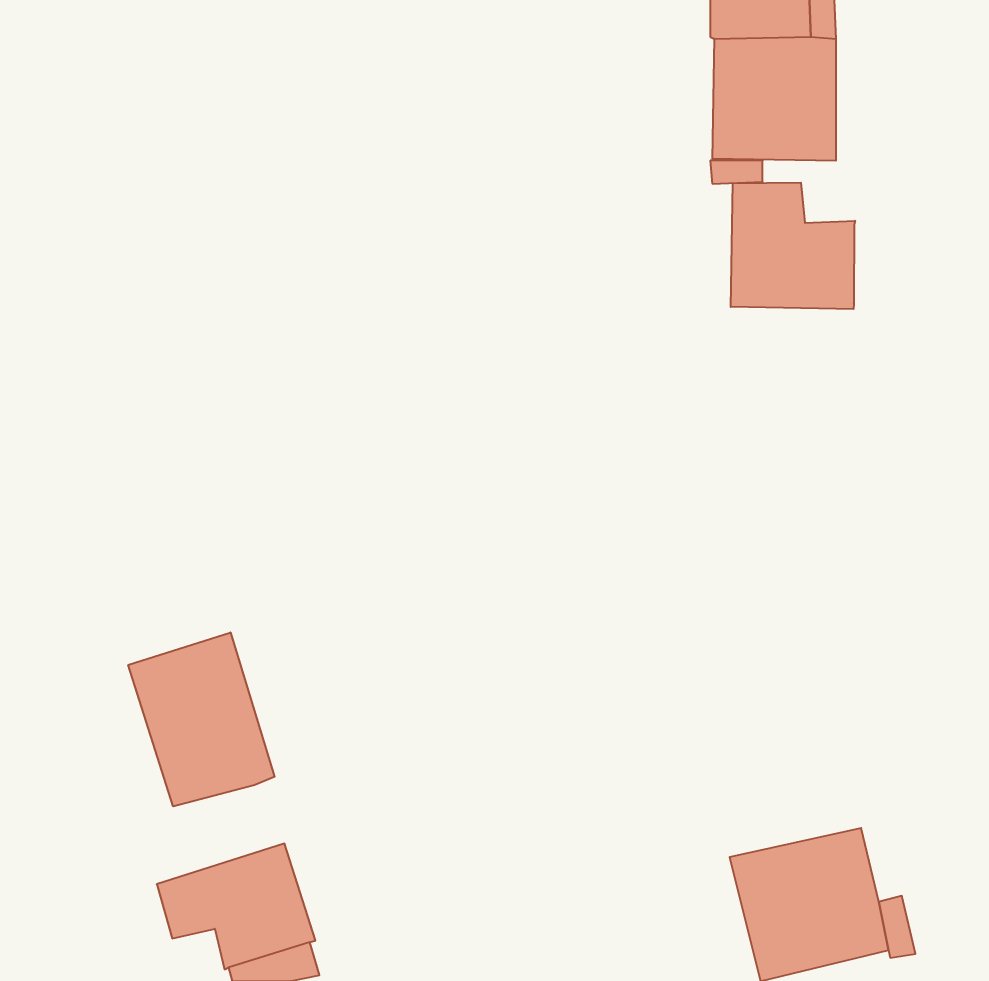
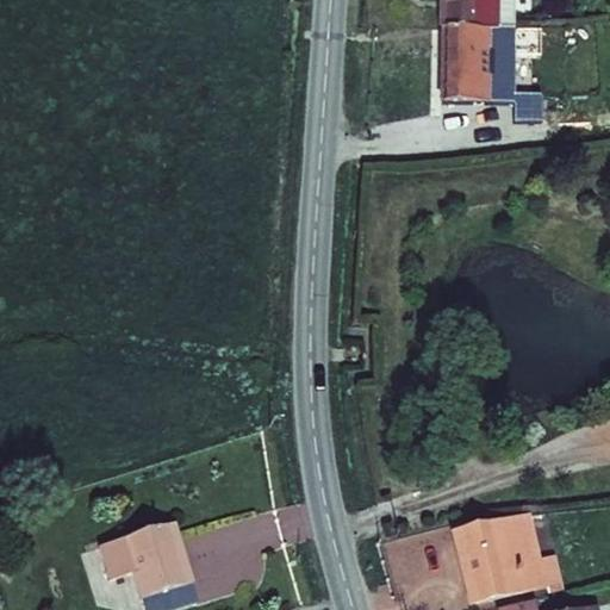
building: [731,183,855,309] -> none
building: [128,632,275,806] -> none

